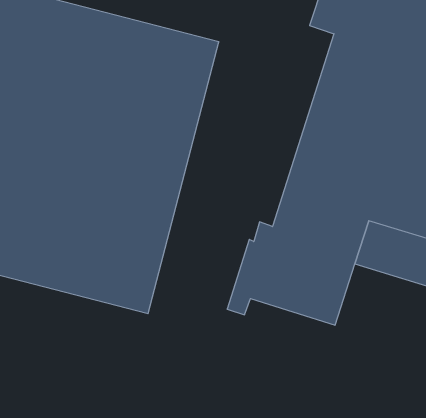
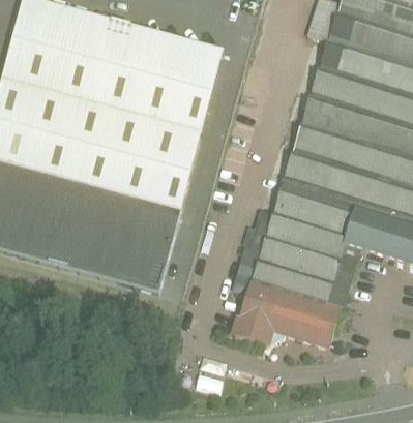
building: none -> [237,275,348,345]

